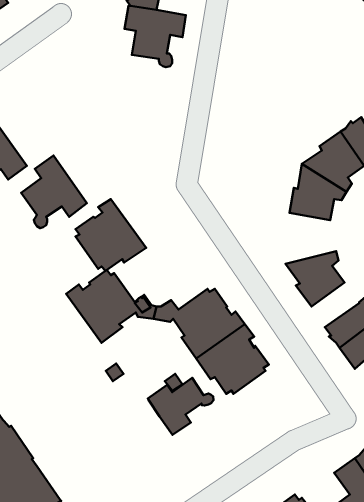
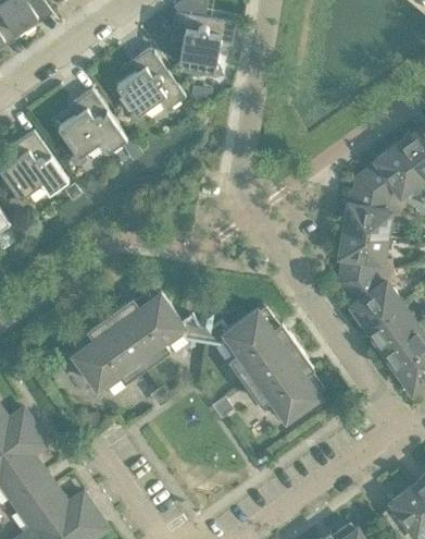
building: none -> [116,48,185,123]
building: [21,155,87,228] -> [58,89,126,166]
building: [75,199,146,271] -> [73,315,147,390]
building: none -> [339,230,392,283]
building: none -> [366,303,416,350]
building: [148,378,213,435] -> none

